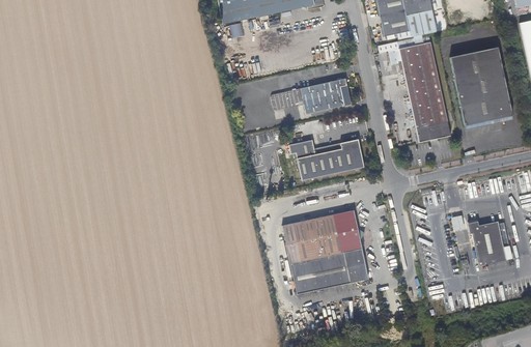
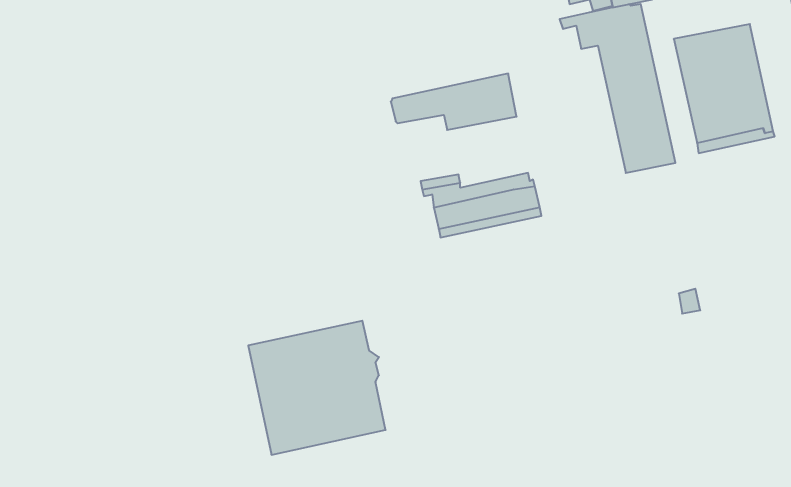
building: [288,209,374,293] -> [248,321,386,455]
building: [468,220,505,266] -> none

